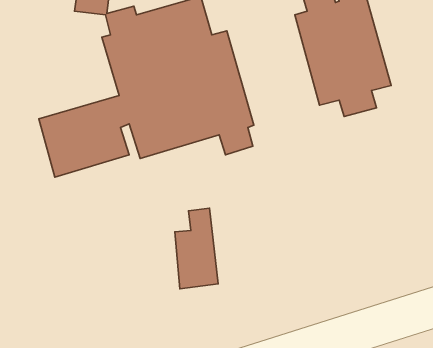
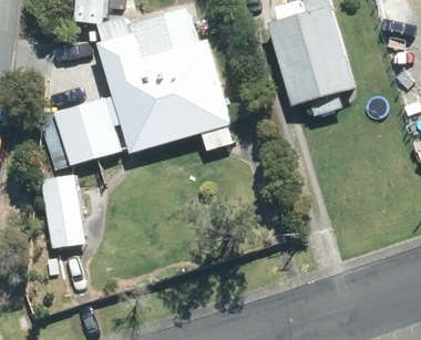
building: [175,208,218,289] -> [44,176,83,248]

